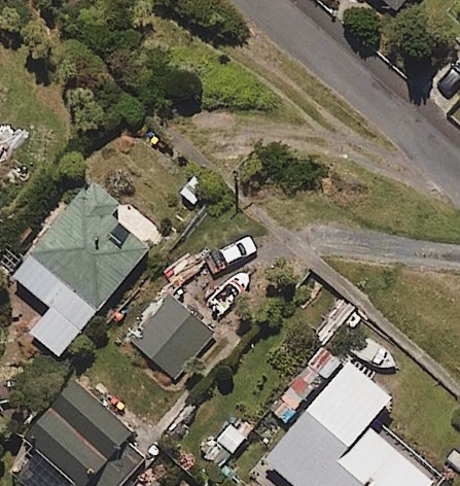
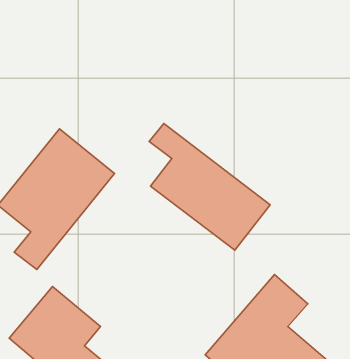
building: none -> [149,123,270,250]
building: [127,293,219,384] -> none

